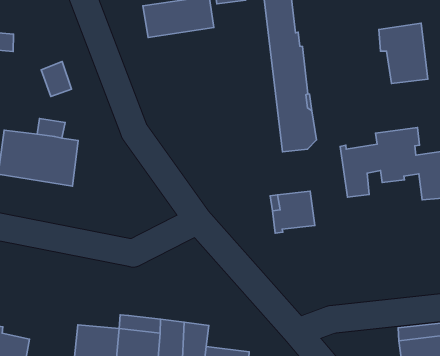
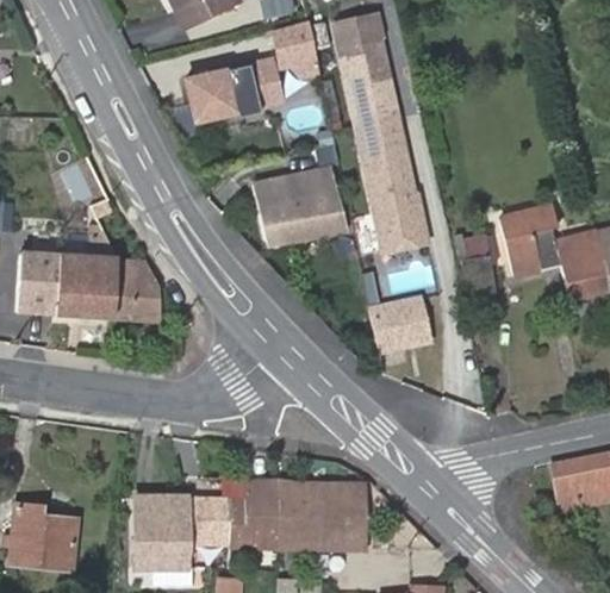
building: [379,23,428,83] -> none
building: none -> [255,167,346,244]
building: none -> [116,257,161,320]
building: none -> [306,481,362,511]

